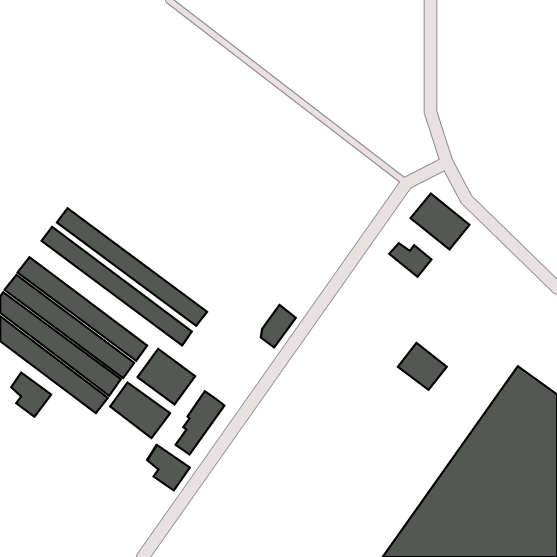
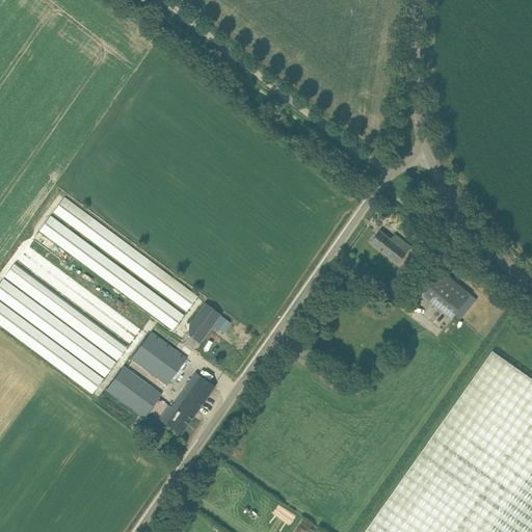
building: [411,193,470,250] -> none
building: [261,305,296,347] -> [187,302,220,343]
building: [398,343,447,390] -> [424,272,471,317]
building: [11,372,51,417] -> none
building: [147,445,190,491] -> none

